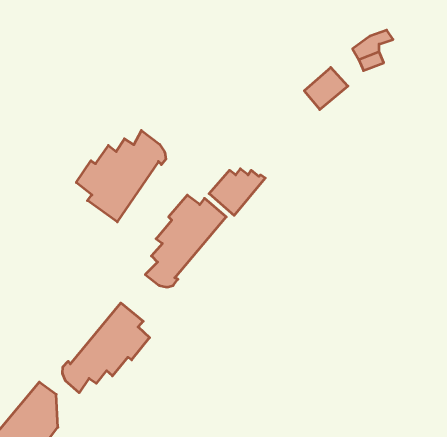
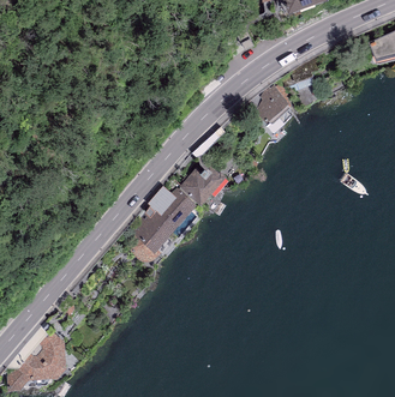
building: [76,130,166,222] -> none
building: [63,303,150,393] -> none

